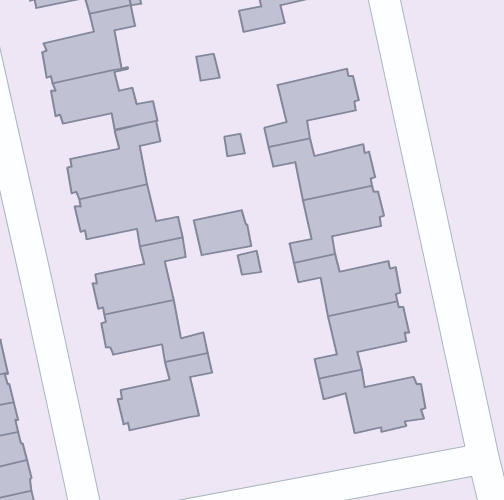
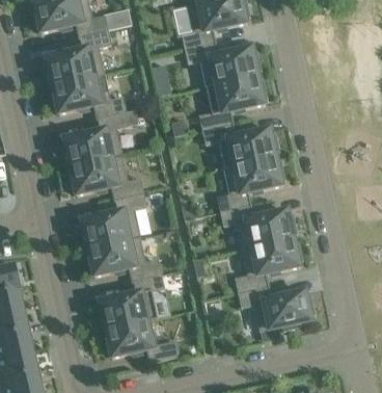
building: none -> [186,42,261,85]
building: [194,210,251,255] -> none
building: none -> [104,318,182,361]

